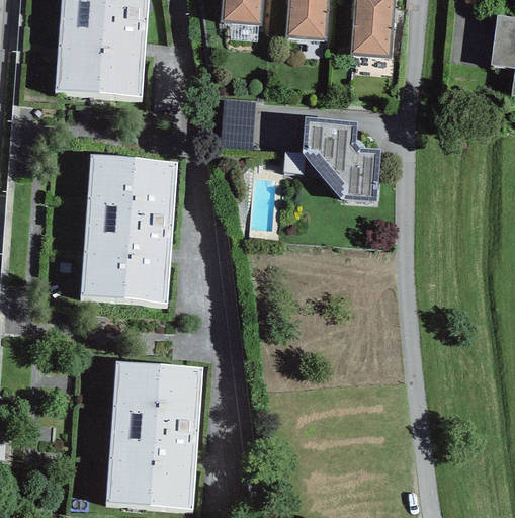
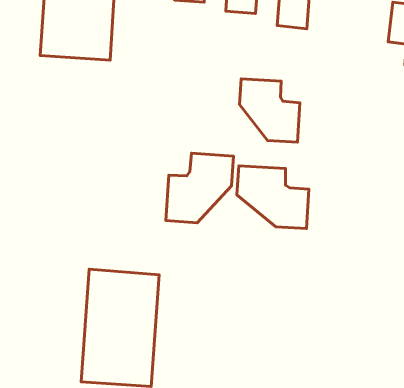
building: [80,156,178,304] -> none
building: none -> [166,153,234,223]
building: none -> [237,166,309,229]

